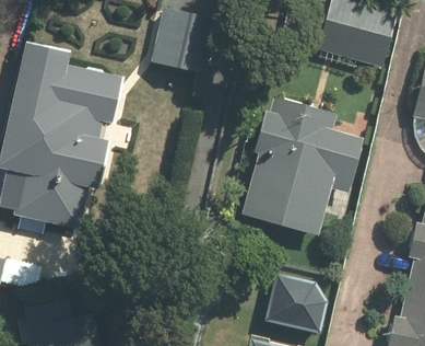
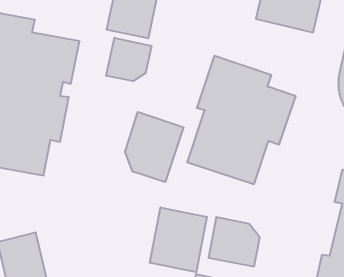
building: none -> [106,38,151,81]
building: none -> [125,112,184,182]
building: none -> [150,207,207,272]

